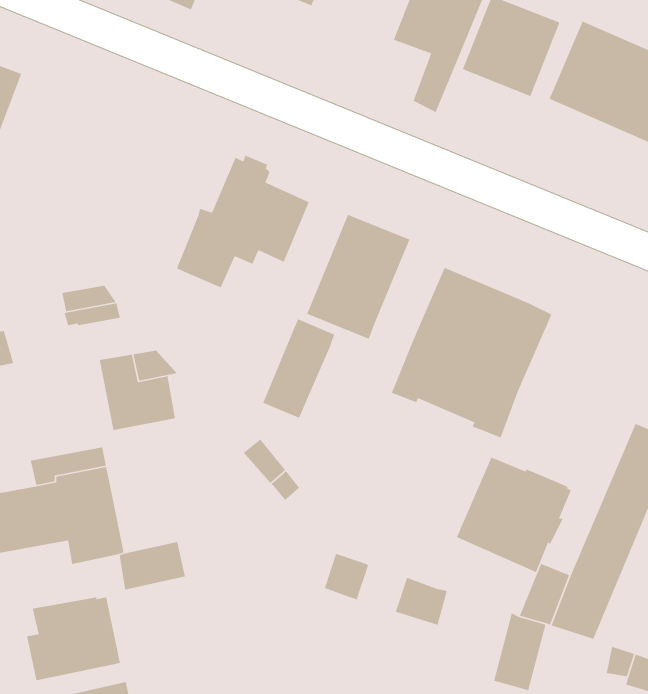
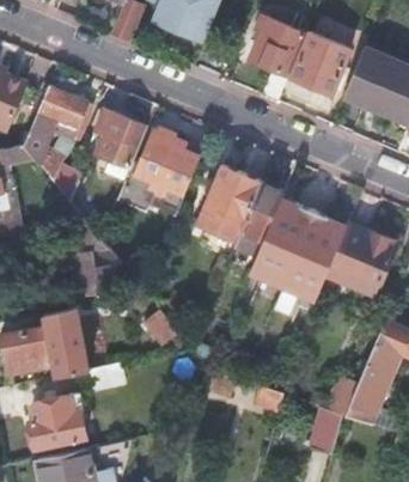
building: none -> [23,87,88,195]
building: none -> [96,110,147,166]
building: [262,318,335,419] -> [239,181,283,242]
building: [456,457,572,573] -> [326,224,397,294]

